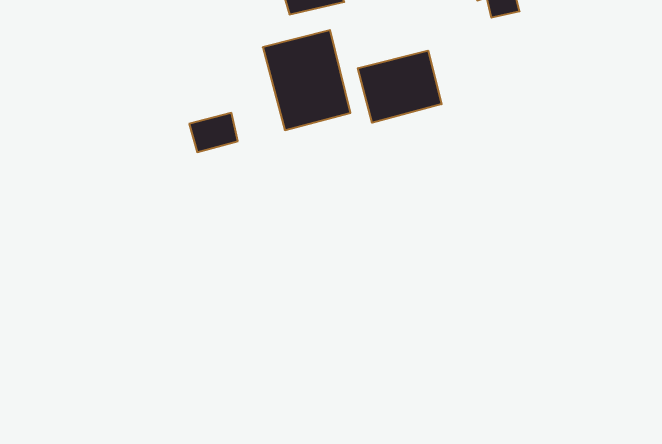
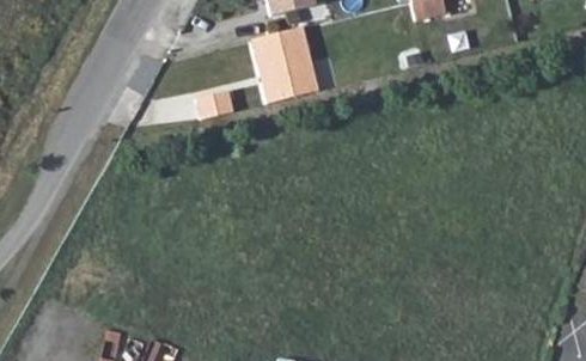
building: [358,51,442,123] -> none

